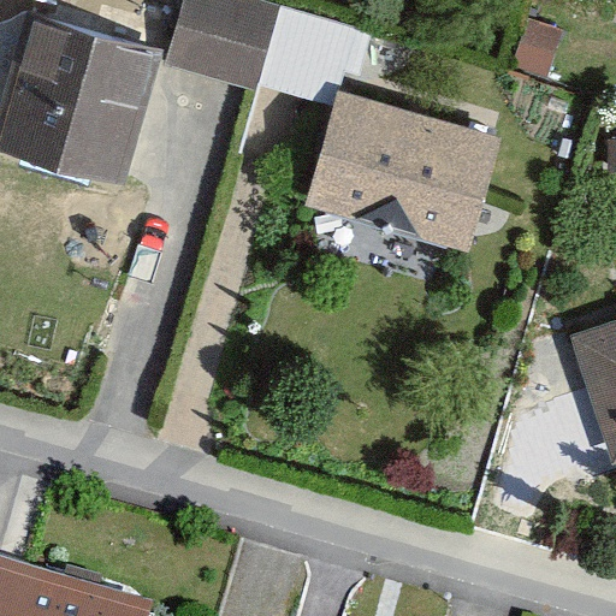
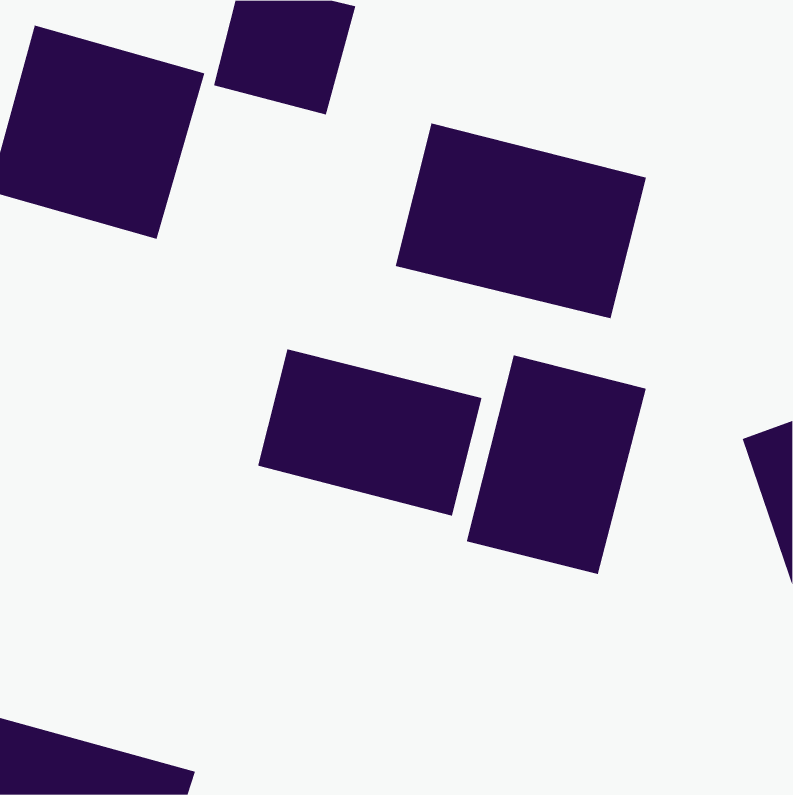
building: none -> [257,348,482,517]
building: none -> [466,354,646,575]

